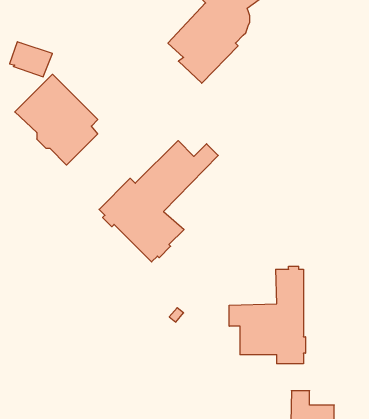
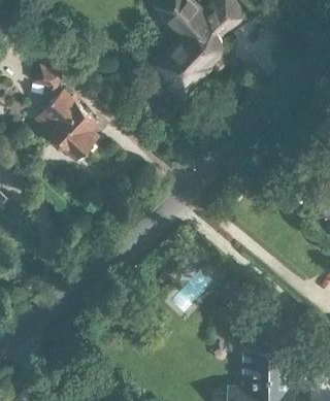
building: [99,141,218,262] -> none
building: [229,266,305,364] -> none

